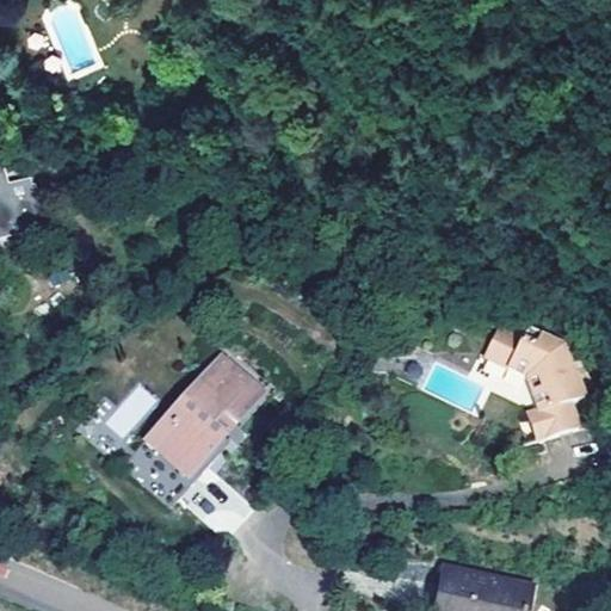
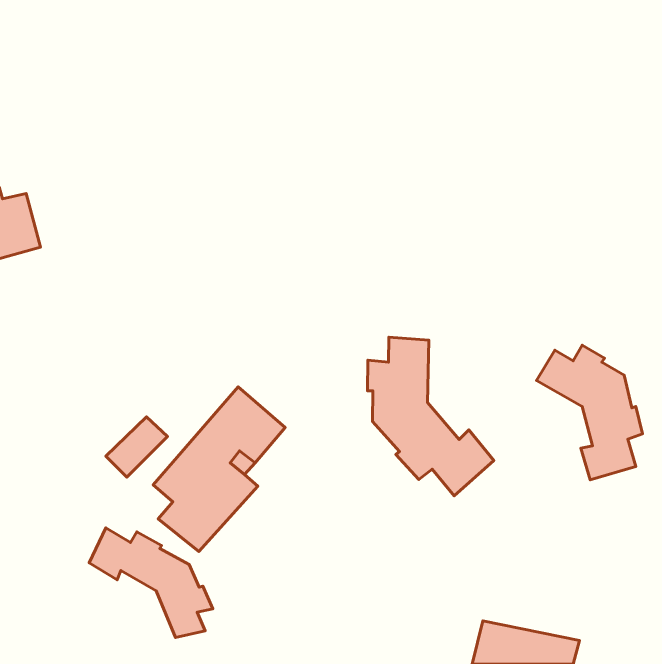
building: none -> [367,337,494,496]
building: none -> [89,528,213,637]

